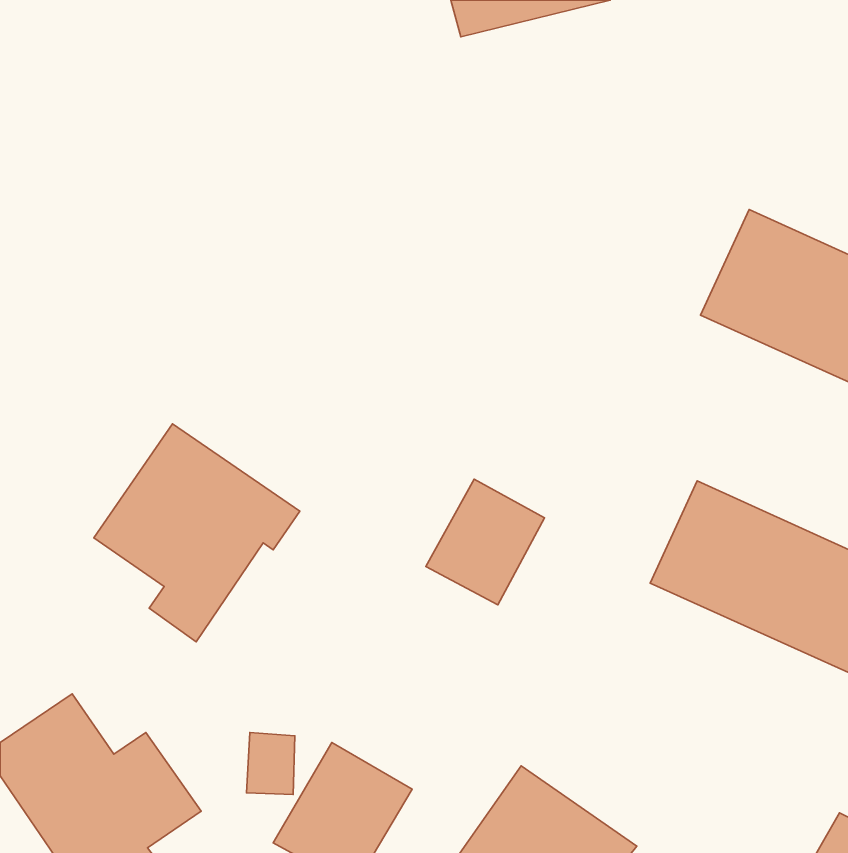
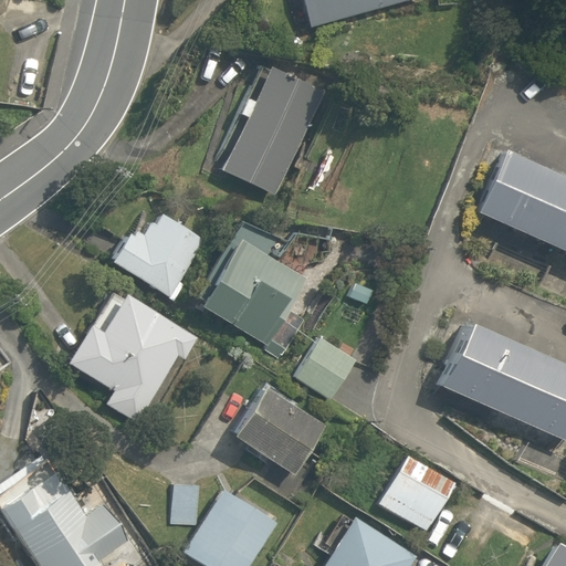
building: none -> [227,70,325,198]
building: none -> [108,198,208,301]
building: none -> [197,228,306,343]
building: none -> [228,382,332,481]
building: none -> [377,448,462,534]

